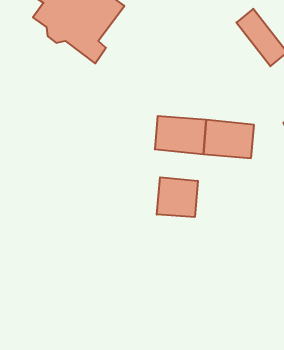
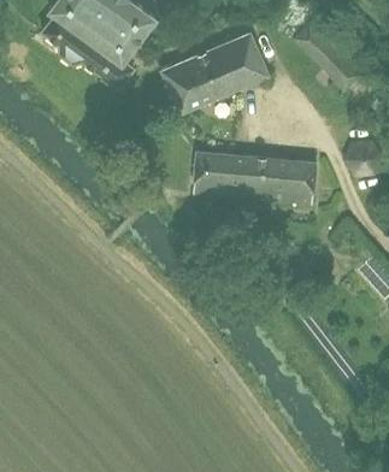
building: none -> [163,33,269,112]
building: [157,177,198,217] -> none

